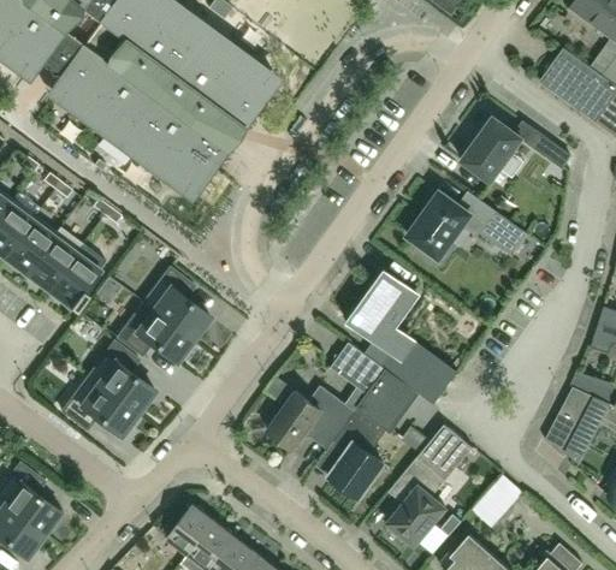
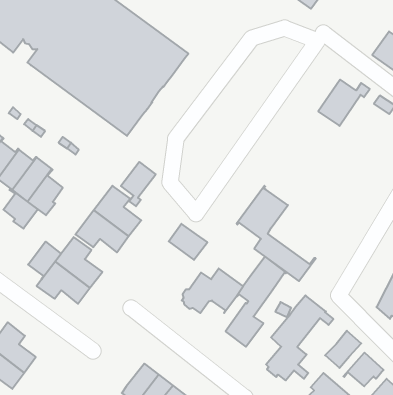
building: [408,192,528,266] -> none
building: none -> [121,162,156,206]
building: none -> [3,189,38,229]
building: [331,343,386,394] -> [169,224,207,260]
building: none -> [28,242,61,279]
building: [167,505,214,554] -> none
building: none -> [343,353,384,386]

